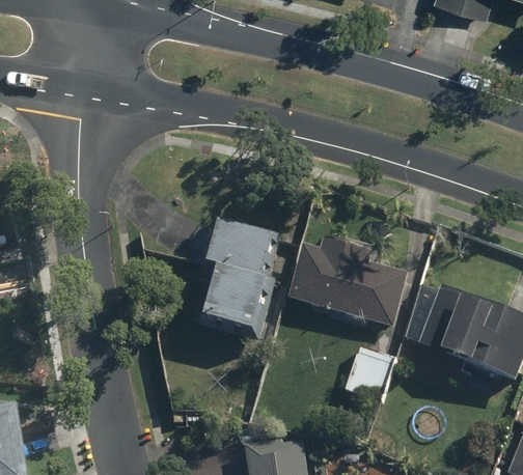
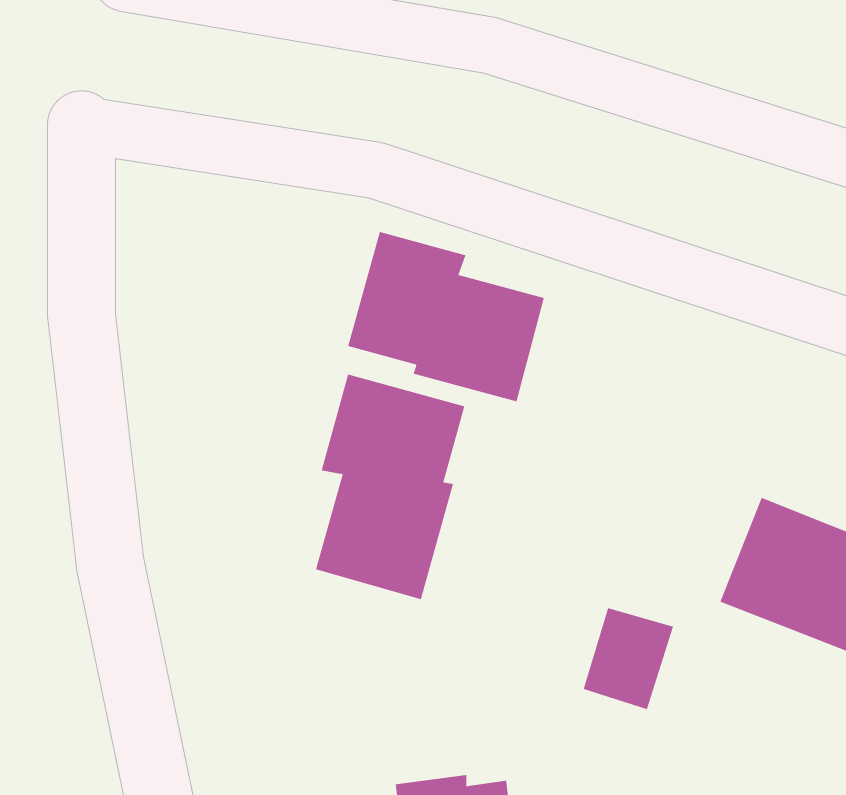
building: none -> [348,231,545,402]
building: [291,240,410,328] -> none

